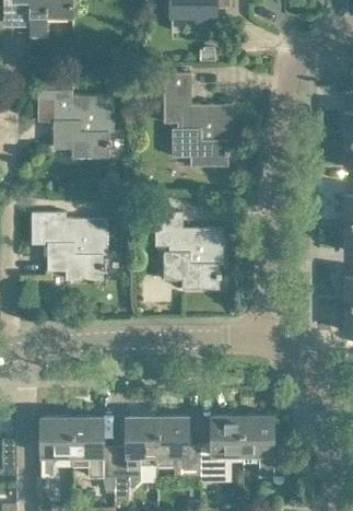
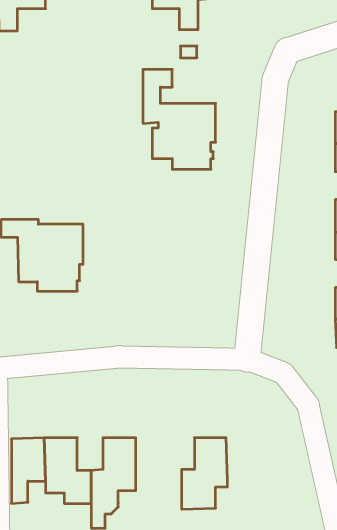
building: [38,90,114,156] -> none
building: [155,211,223,289] -> none
building: [242,415,286,475] -> none
building: [157,416,200,476] -> none

